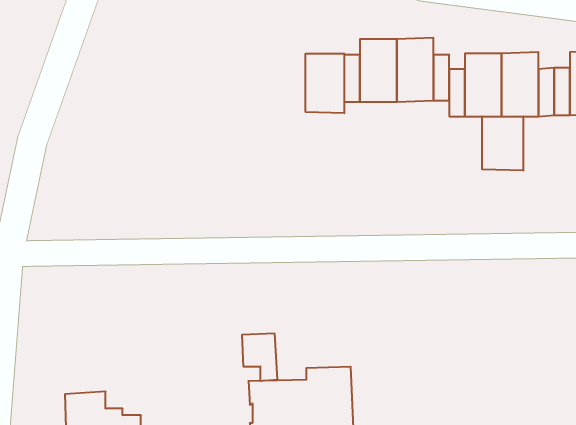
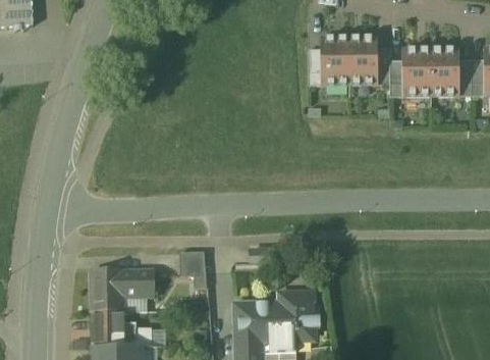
building: [306,54,344,113] -> none
building: [482,116,523,171] -> none
building: [242,334,277,381] -> [179,249,207,286]
building: none -> [91,268,155,312]

